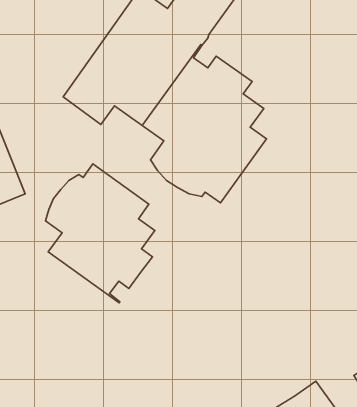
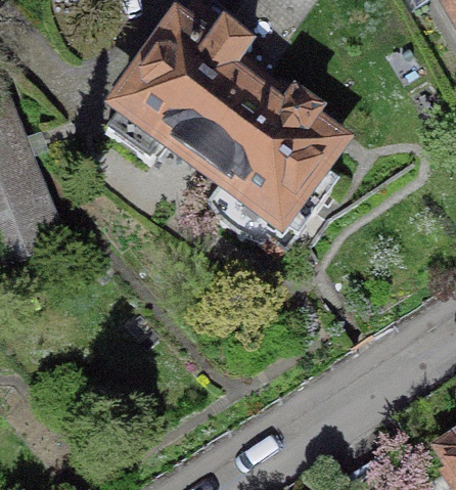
building: [46,164,155,303] -> none

